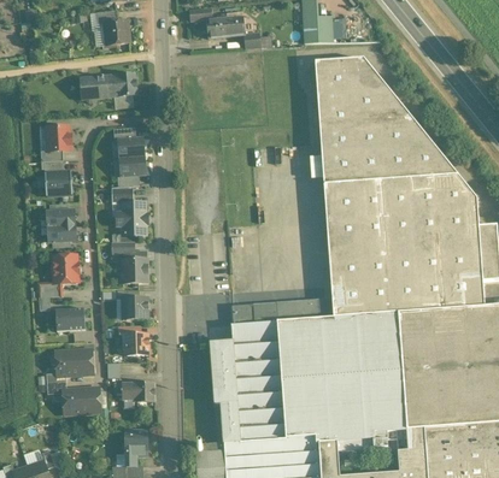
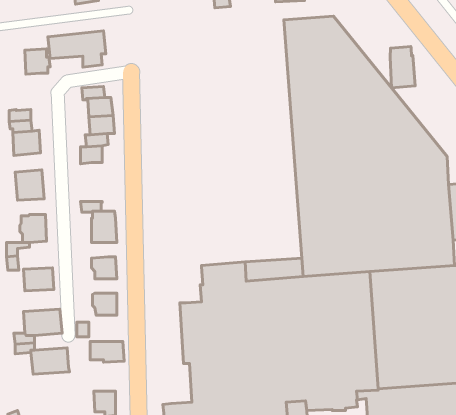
building: none -> [390,47,415,88]
building: [47,126,72,152] -> [25,49,50,74]
building: [118,203,147,235] -> none

